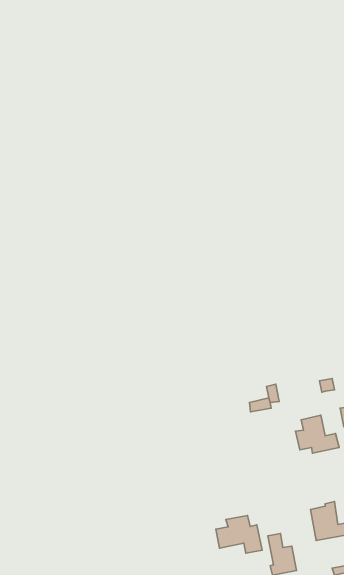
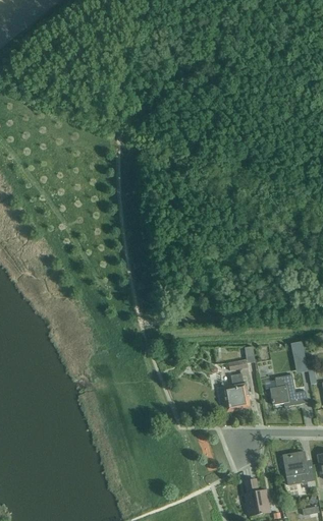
building: none -> [223,372,250,410]
building: [216,515,262,553] -> none

